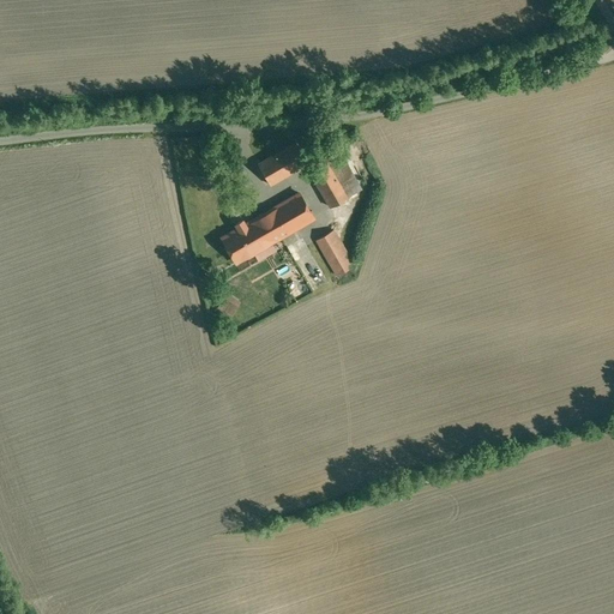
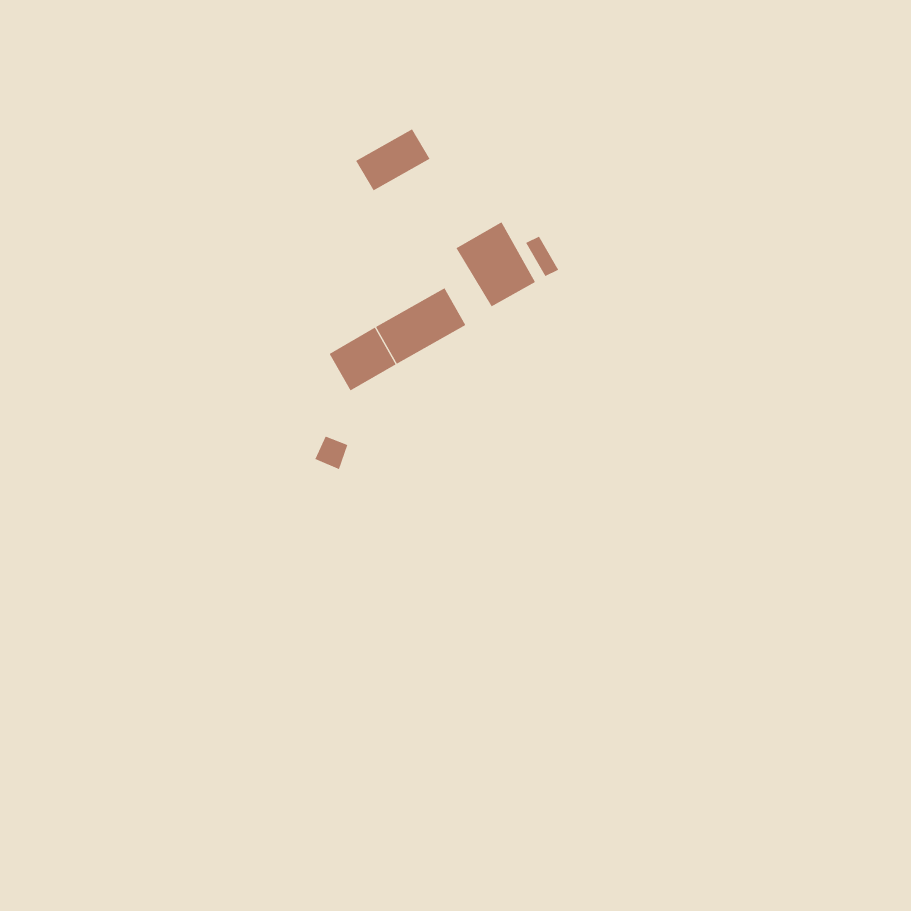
building: [257,144,307,186] -> [355,129,430,191]
building: [315,230,353,276] -> none

